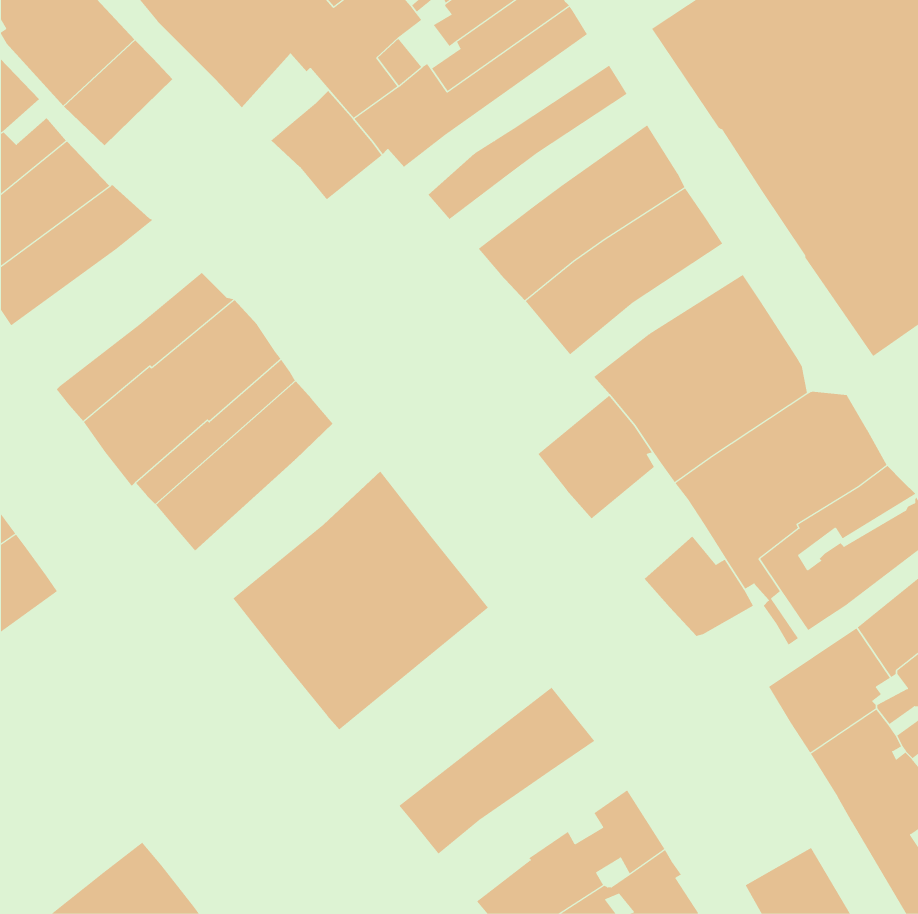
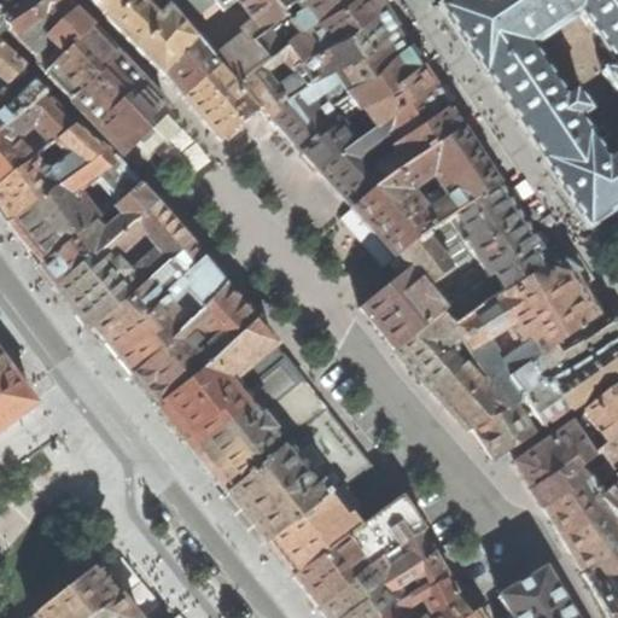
building: none -> [273,23,410,130]
building: none -> [164,36,214,94]
building: none -> [72,53,168,151]
building: none -> [362,63,436,124]
building: none -> [303,117,358,167]
building: none -> [10,147,138,258]
building: none -> [384,163,500,255]
building: none -> [133,284,257,401]
building: none -> [398,310,473,387]
building: none -> [473,403,530,454]
building: none -> [229,407,372,540]
building: none -> [296,495,425,604]

